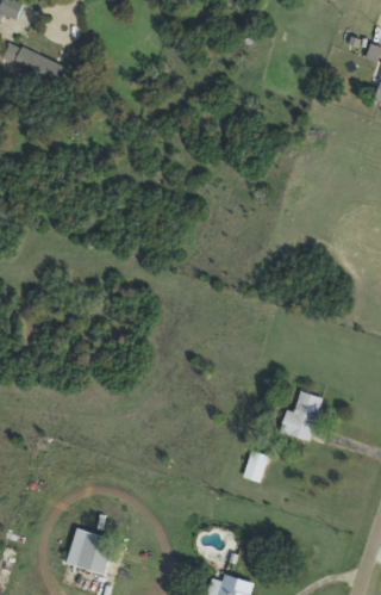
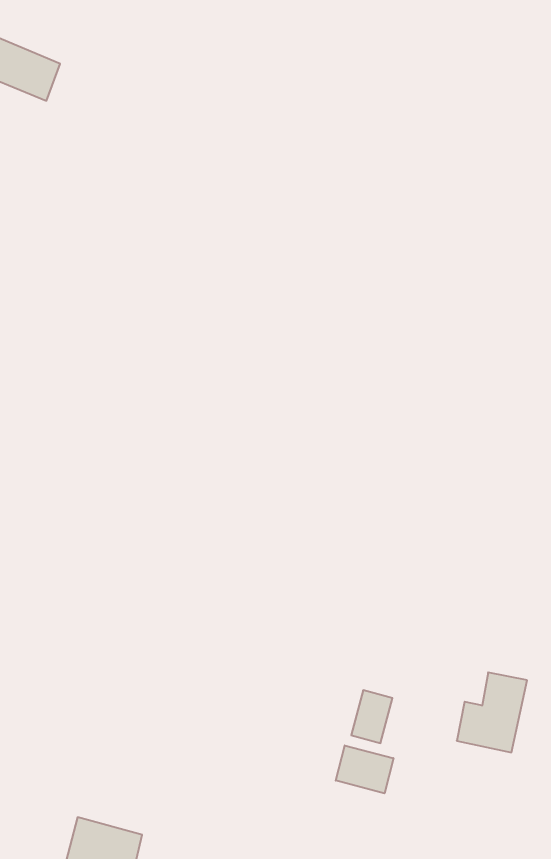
building: [280,391,323,440] -> [457,672,527,752]
building: none -> [336,745,393,793]

